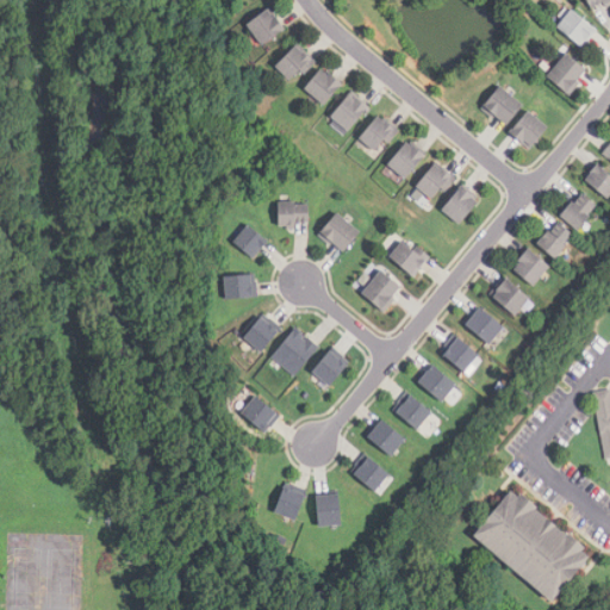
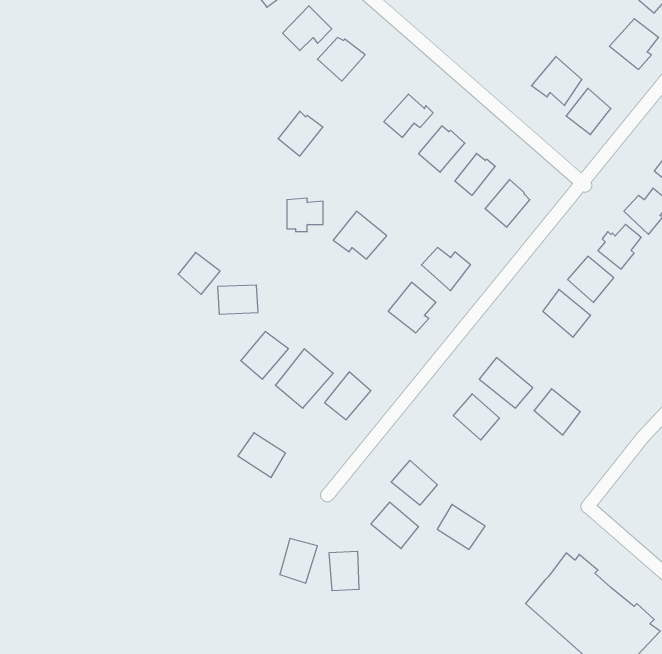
building: [331,94,368,131] -> [278,111,323,156]
building: [231,223,266,257] -> [178,252,220,294]
building: [463,305,502,343] -> [534,389,580,435]
building: [391,390,430,427] -> [437,504,485,549]

